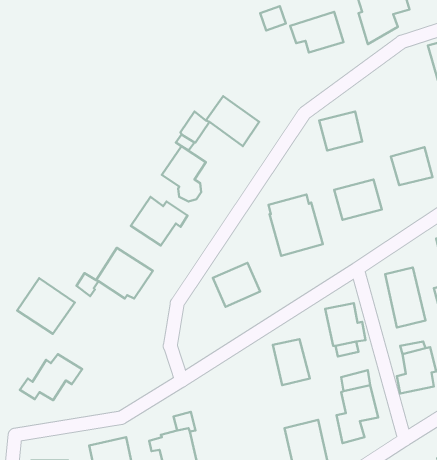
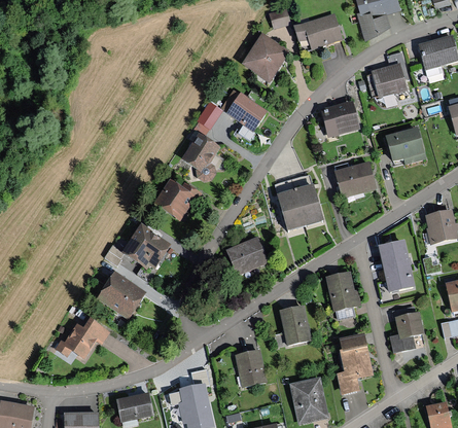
building: none -> [241,32,290,82]
building: none -> [365,67,403,100]
building: [17,278,75,334] -> [97,270,148,319]
building: none -> [235,349,267,387]

